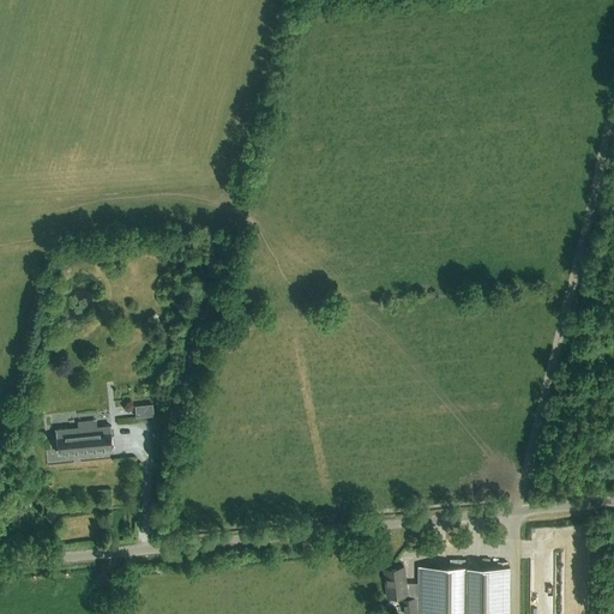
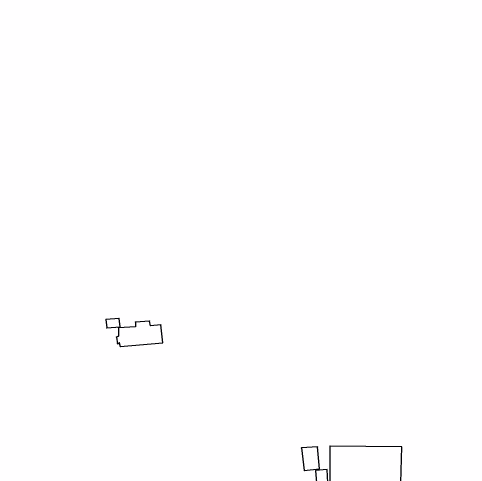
building: [53,423,112,456] -> [116,321,163,347]

